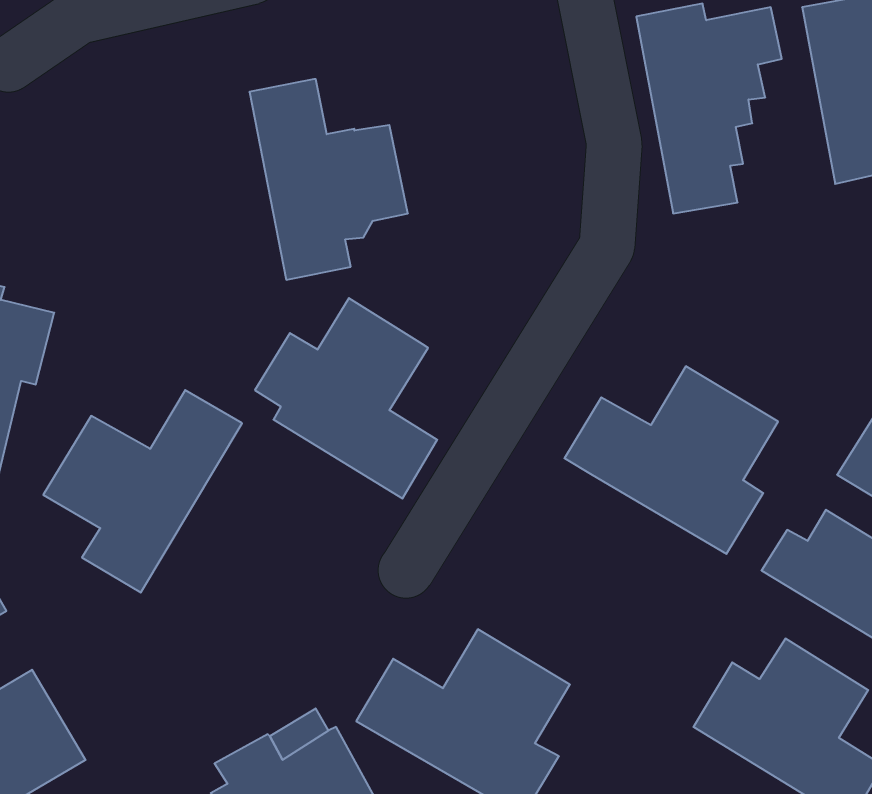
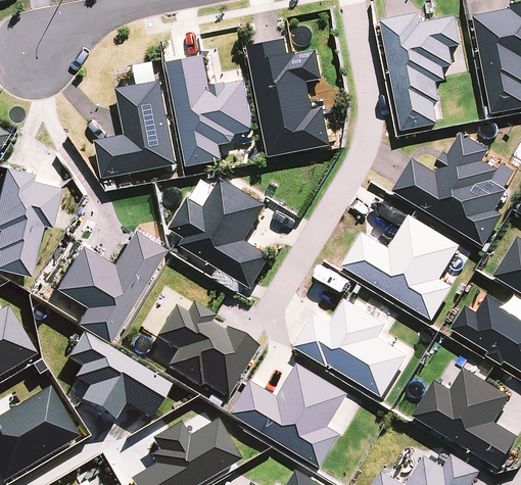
building: none -> [246,39,330,158]
building: none -> [95,81,177,180]
building: none -> [392,133,506,247]
building: none -> [293,299,408,397]
building: none -> [150,305,251,401]
building: none -> [64,329,168,418]

